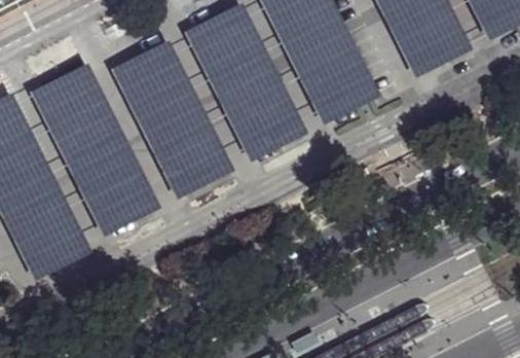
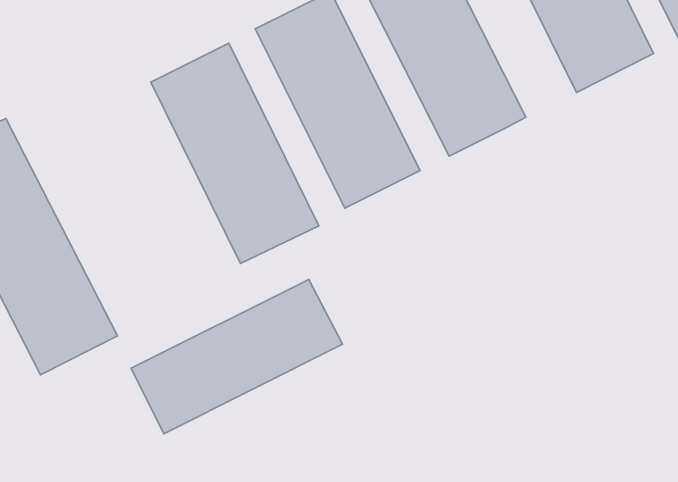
building: [32,66,156,232] -> none
building: none -> [131,279,342,434]

